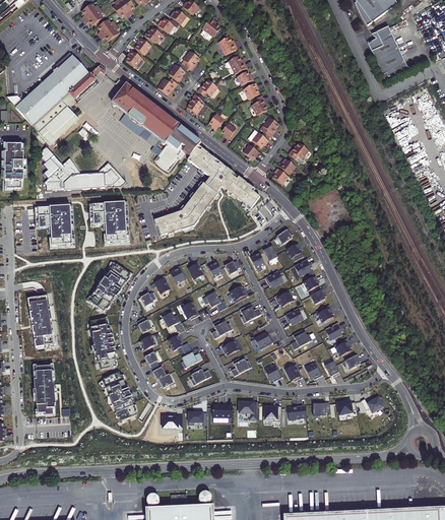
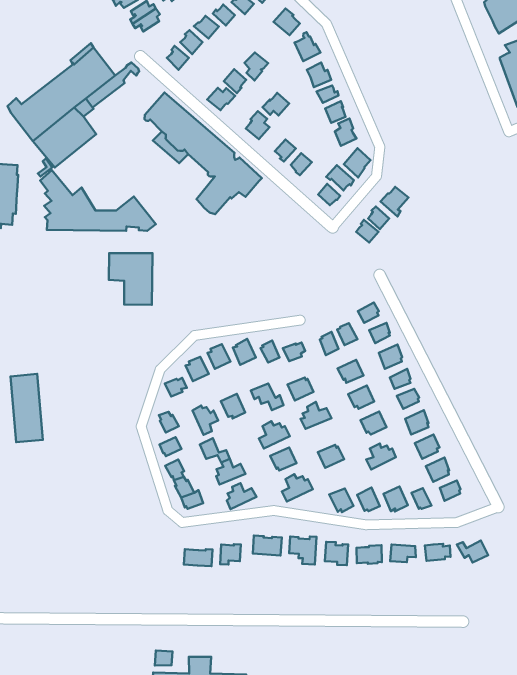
building: [154,144,260,237] -> none
building: [35,205,72,245] -> none
building: [90,263,131,310] -> none
building: [90,317,116,369] -> none
building: [34,364,56,415] -> none
building: [104,372,135,419] -> none

